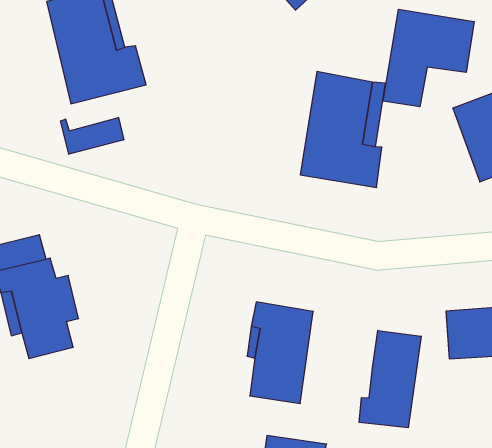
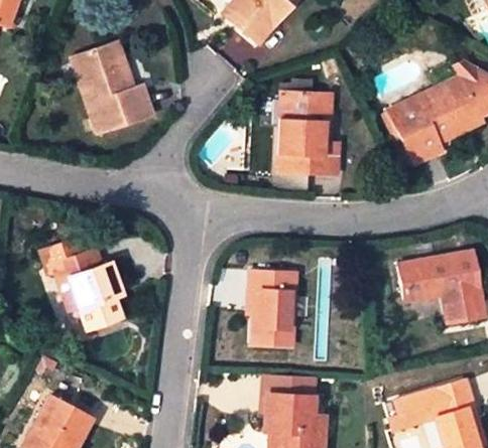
building: [383,9,474,107] -> none
building: [60,117,124,154] -> none
building: [359,330,421,428] -> none

